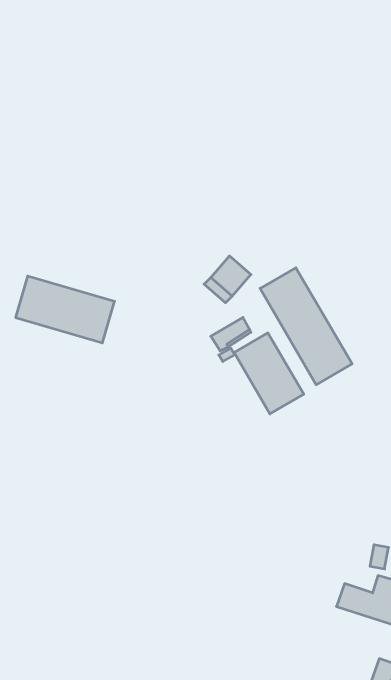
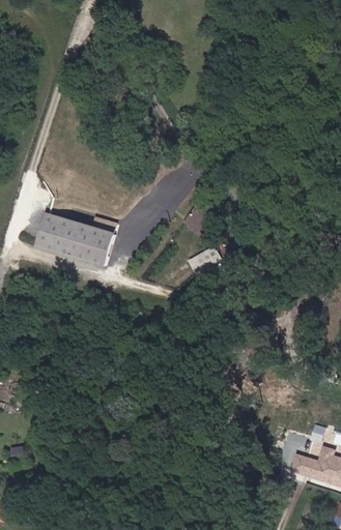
building: [260,268,352,385] -> none
building: [234,333,304,414] -> none

